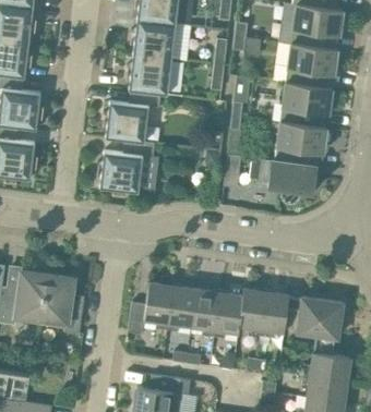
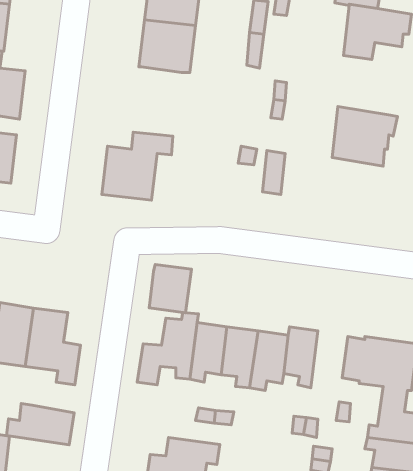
building: [282,81,333,126] -> none
building: [106,89,161,142] -> none
building: [260,159,321,202] -> none
building: none -> [149,264,192,313]
building: [261,292,289,337] -> none
building: none -> [6,403,74,445]

